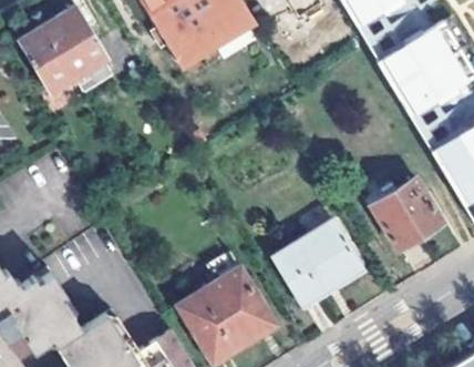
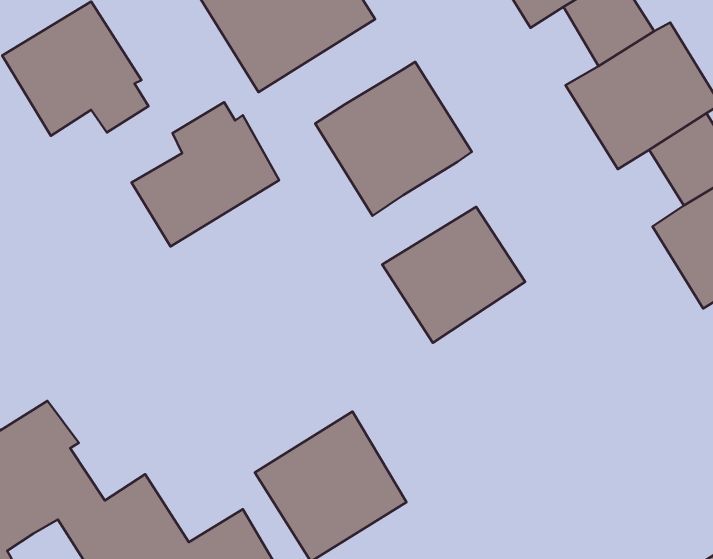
building: none -> [315,62,472,216]
building: none -> [132,102,279,246]
building: [370,180,442,251] -> none
building: [272,223,363,309] -> [382,207,525,343]

